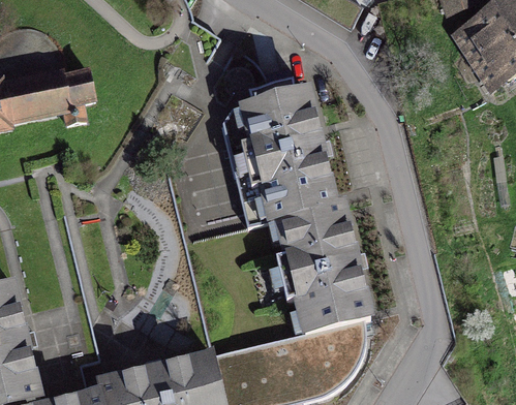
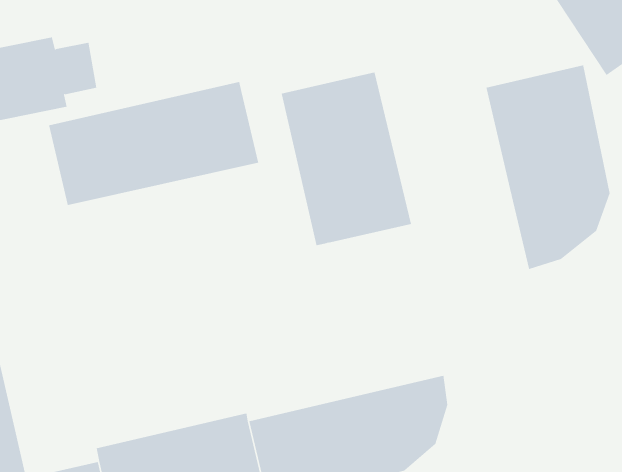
building: none -> [486,65,610,270]
building: none -> [49,81,259,206]
building: [272,205,371,337] -> none

